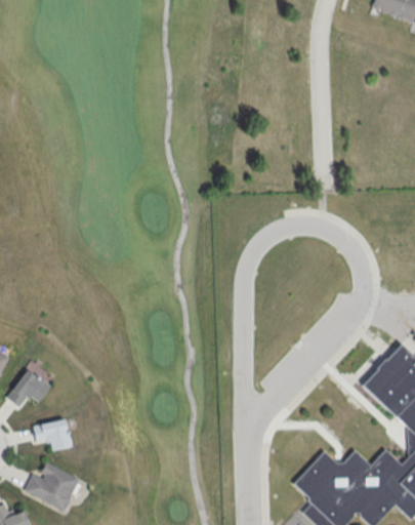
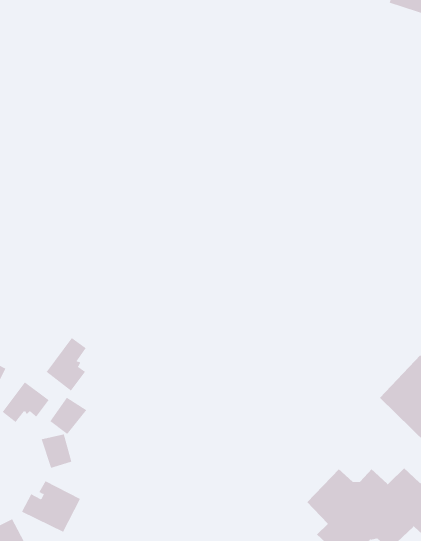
building: none -> [46,337,87,391]
building: none -> [49,397,87,435]

